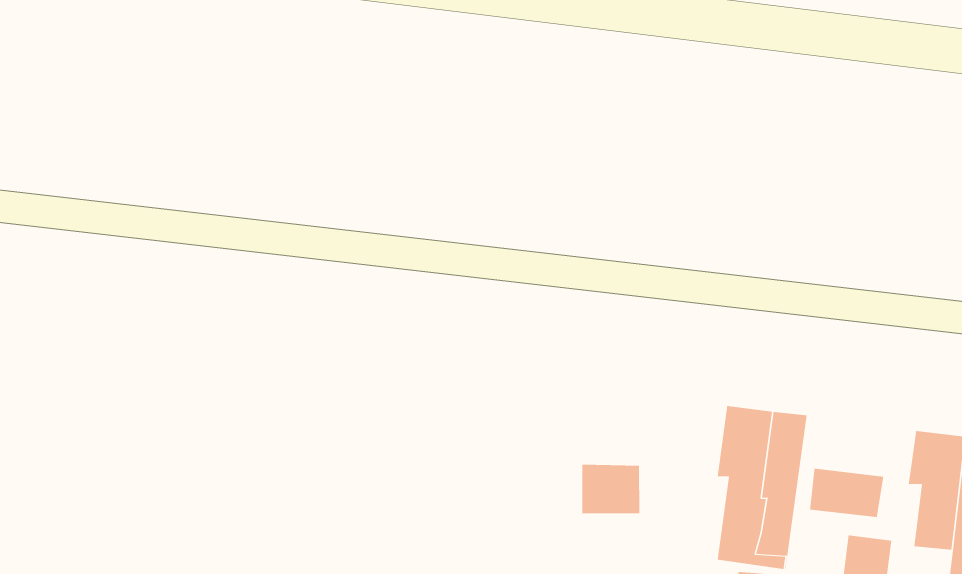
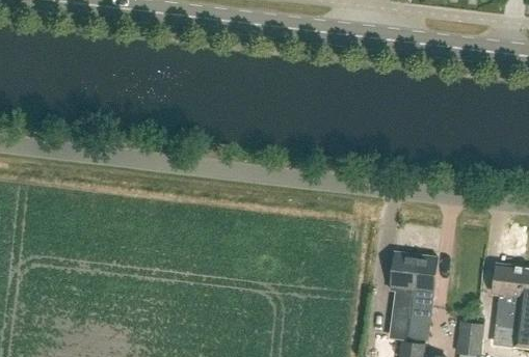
building: [582,464,640,514] -> none
building: [809,468,884,518] -> none

